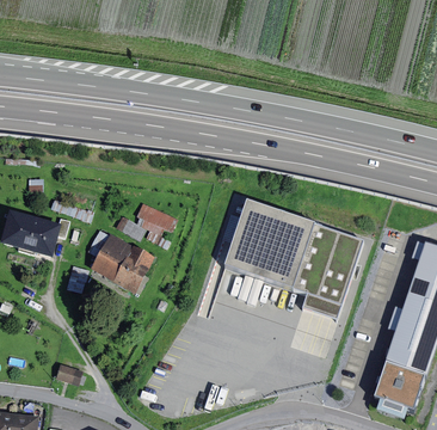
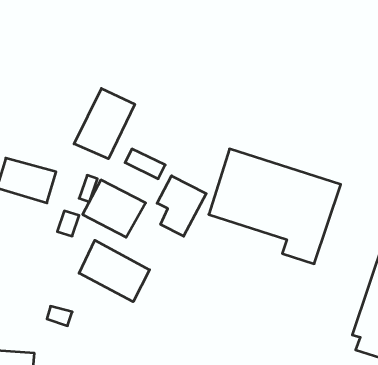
building: none -> [74,88,135,159]
building: none -> [157,176,206,236]
building: none -> [79,240,150,302]

